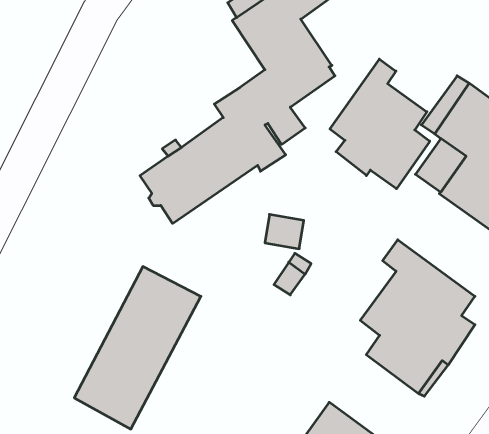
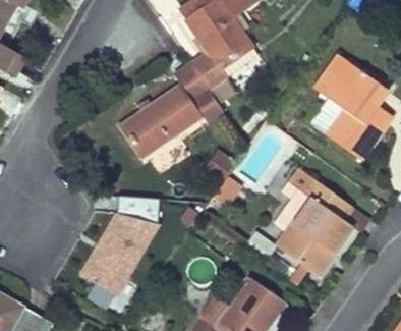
building: [330,59,430,189] -> none

